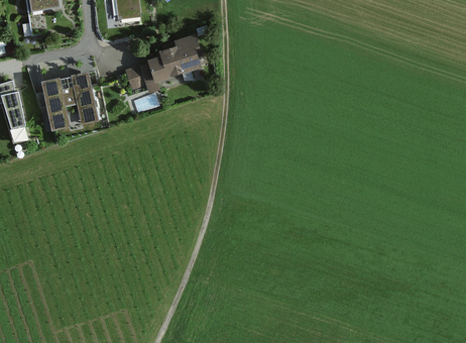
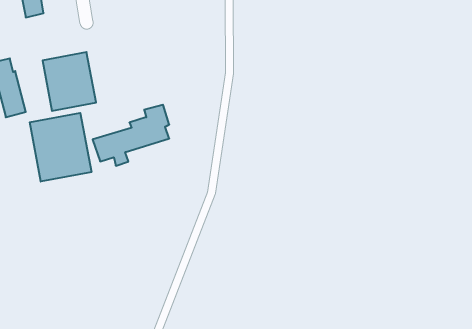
building: [125,36,199,95] -> [93,105,169,166]
building: none -> [30,113,91,182]

